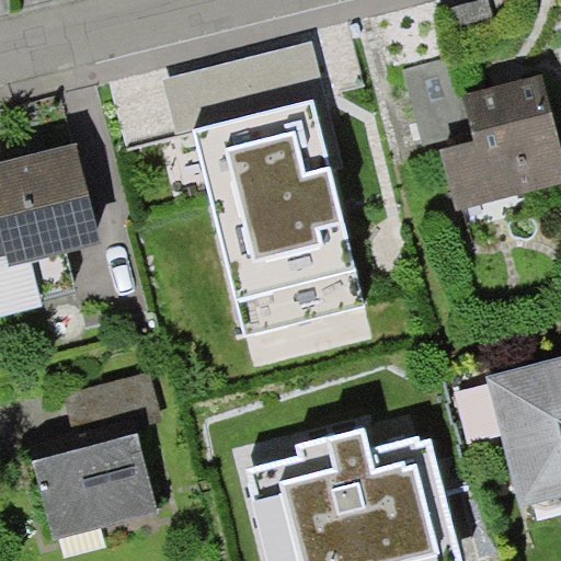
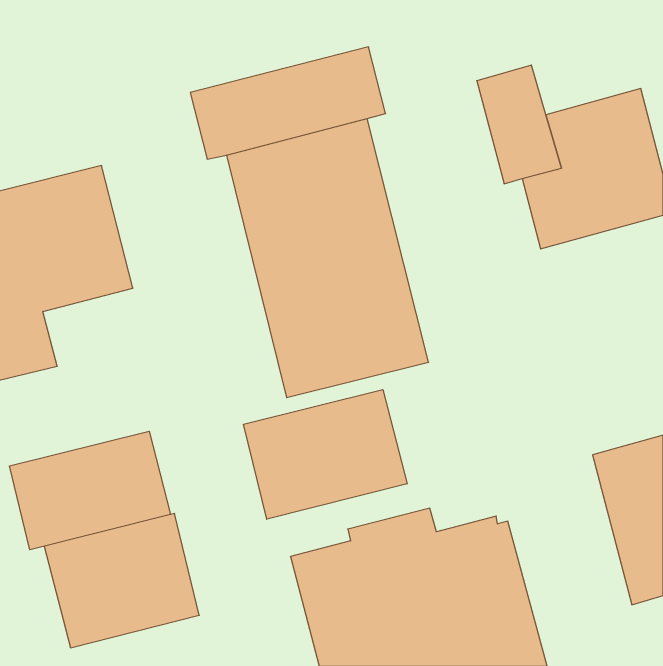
building: none -> [244,390,407,519]
building: none -> [10,431,171,550]

